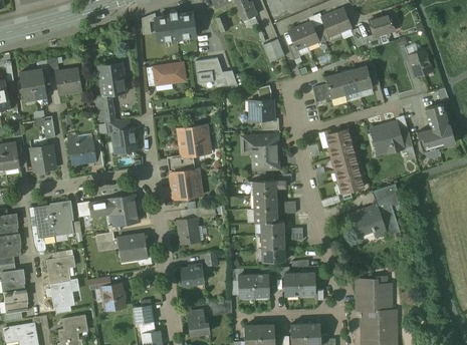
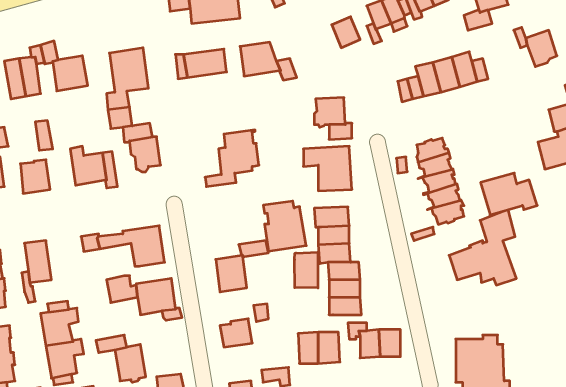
building: [371,122,413,153] -> [481,173,537,215]
building: [170,162,202,200] -> [263,201,306,251]
building: [50,202,72,235] -> none
building: none -> [295,252,318,288]

